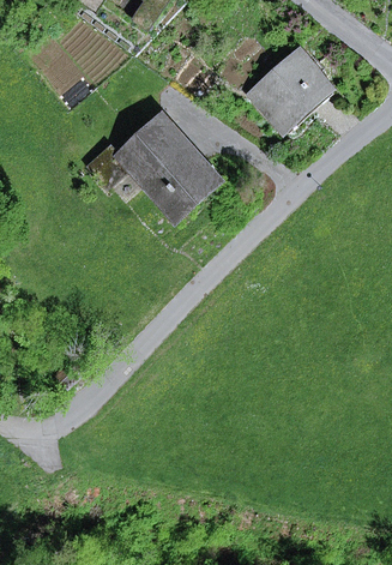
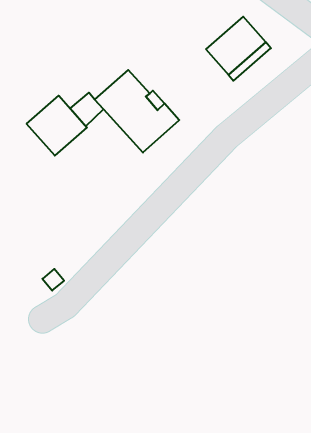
building: none -> [27,96,87,156]

